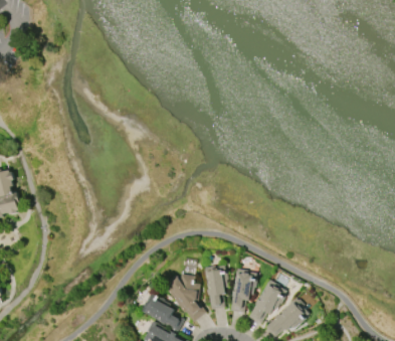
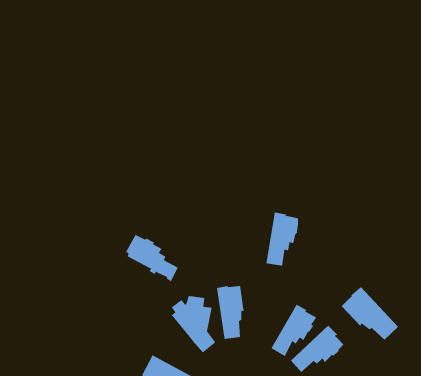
building: none -> [341,286,399,340]
building: [229,268,256,312] -> [265,212,299,266]
building: [140,291,183,330] -> [125,234,178,282]

